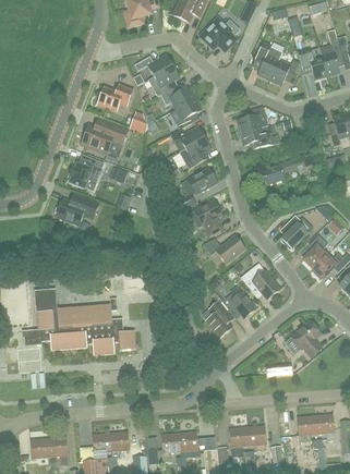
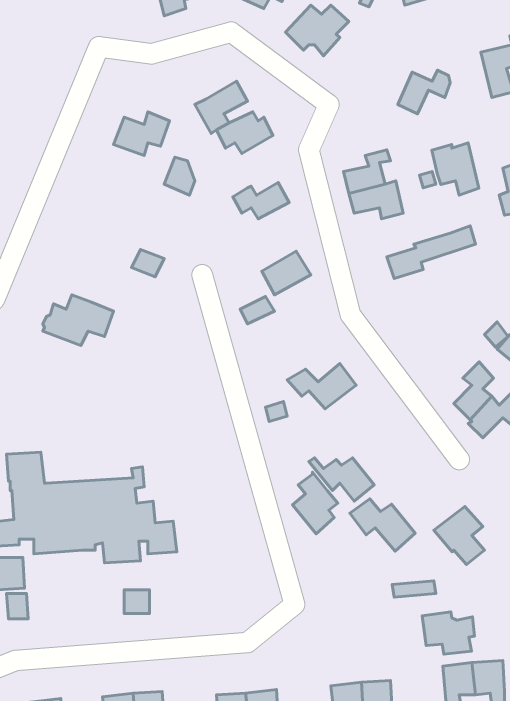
building: [252,41,278,78] -> none
building: [298,47,326,78] -> [432,143,479,195]
building: [124,52,172,75] -> none
building: [173,97,201,129] -> none
building: [83,118,128,150] -> none
building: [179,137,210,168] -> none
building: [69,157,104,186] -> none
building: [190,199,221,233] -> none
building: [281,214,307,247] -> none
building: [240,267,279,299] -> [350,499,415,551]
building: none -> [422,612,475,654]

